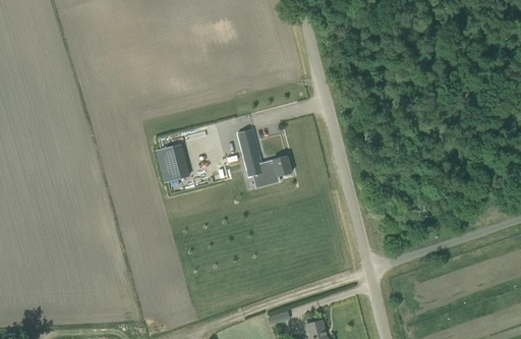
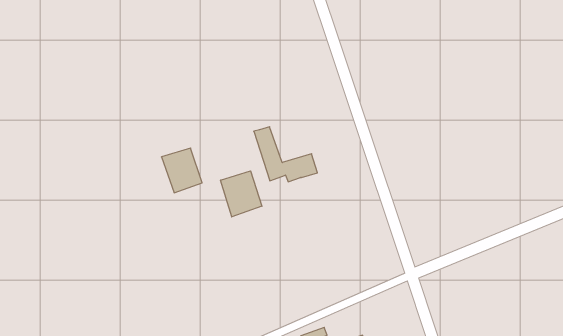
building: none -> [221,171,262,217]

